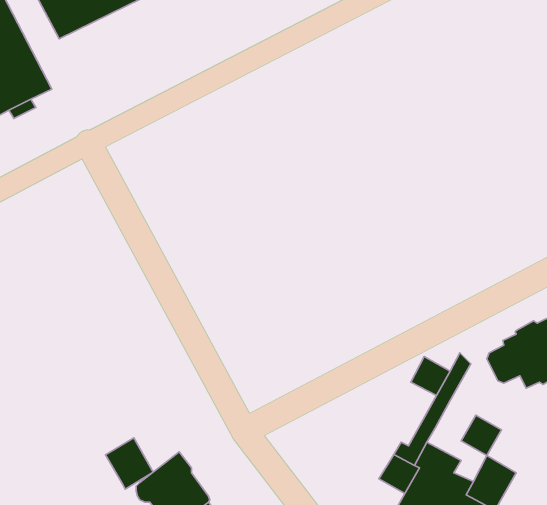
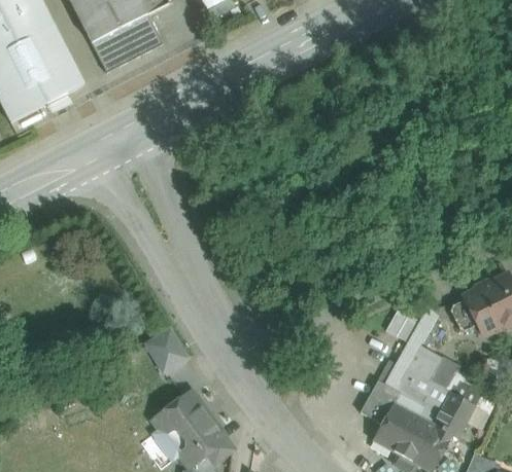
building: none -> [91,14,163,73]
building: none -> [407,346,441,379]
building: [106,438,153,489] -> [146,329,186,372]

